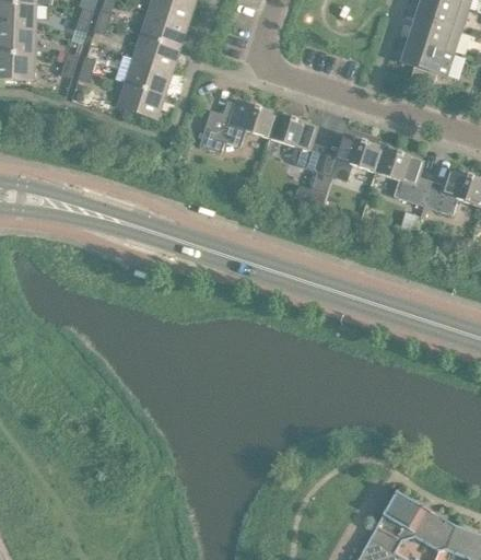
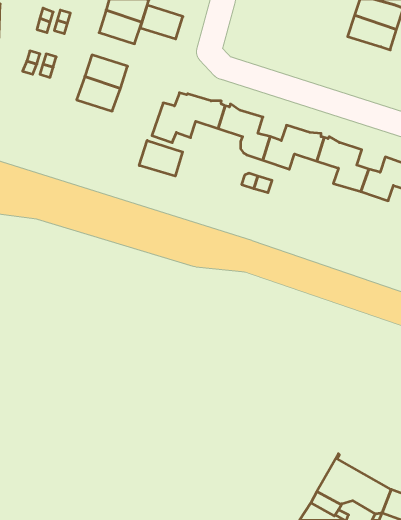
building: [133,35,179,71] -> [140,5,183,39]
building: [400,39,454,86] -> none
building: none -> [139,140,183,176]

